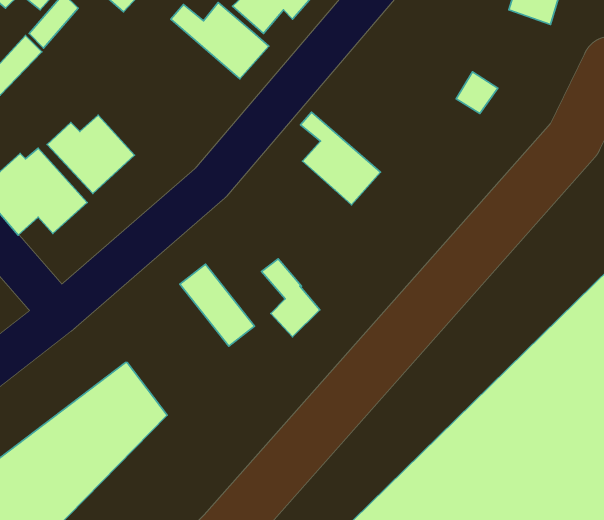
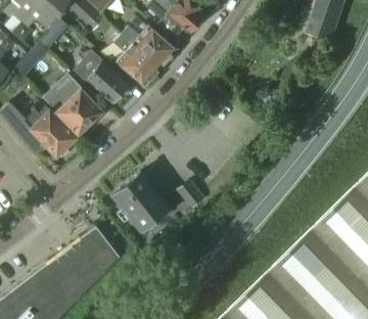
building: none -> [77,46,128,101]
building: [301,112,380,205] -> [114,34,159,86]
building: none -> [111,183,153,229]

